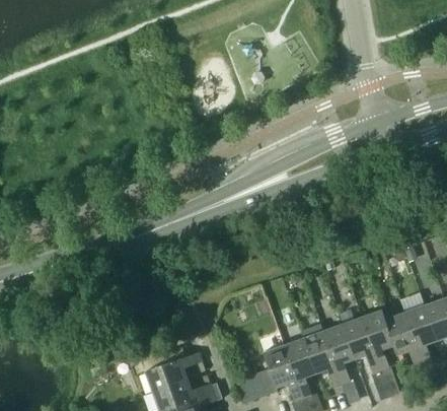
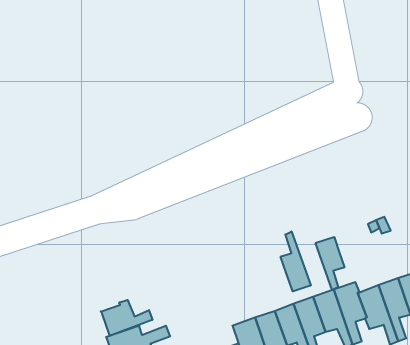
building: none -> [281,231,311,291]
building: none -> [316,237,344,290]
building: none -> [101,300,152,336]

